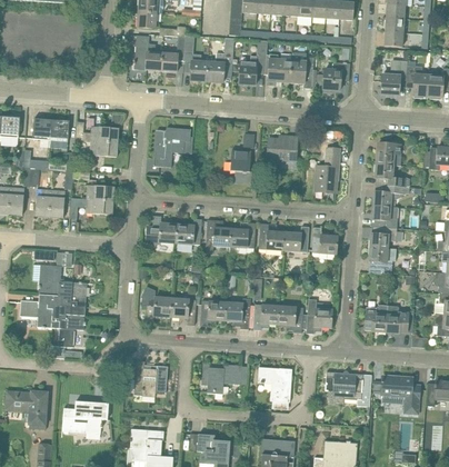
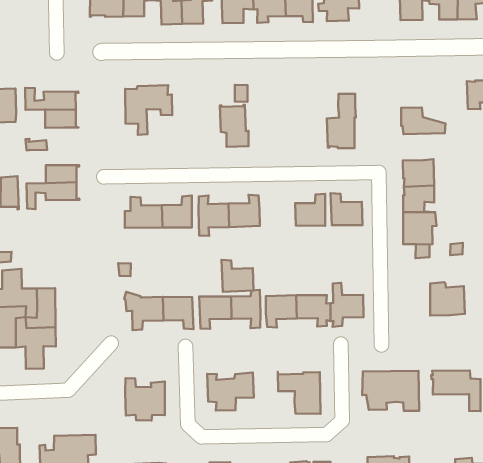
building: [267,135,298,162] -> none
building: [376,141,401,165] -> none
building: [373,183,409,206] -> none
building: [259,222,285,249] -> [221,260,253,292]
building: [365,304,387,330] -> none

